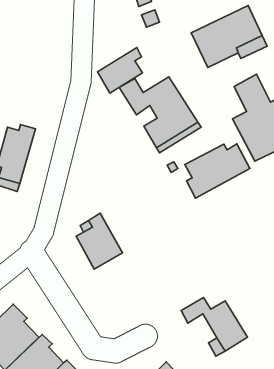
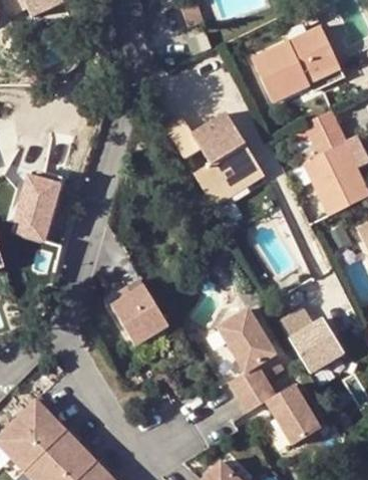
building: [97,47,142,93] -> none
building: [185,144,250,198] -> none
building: none -> [221,309,275,397]
building: none -> [281,310,343,376]

